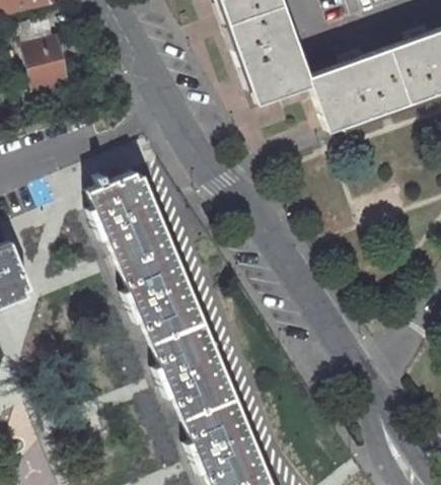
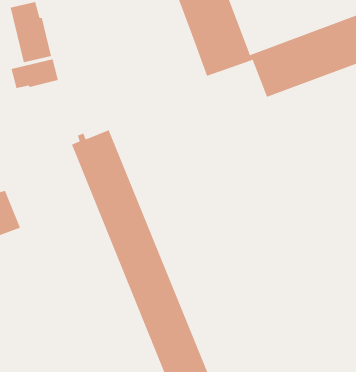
building: none -> [11,58,58,89]

